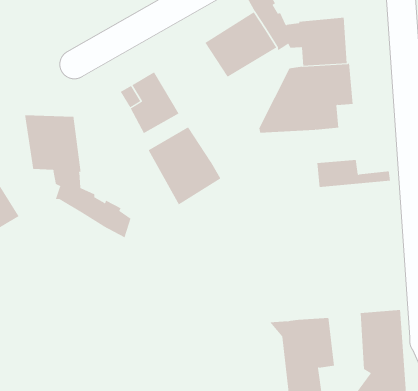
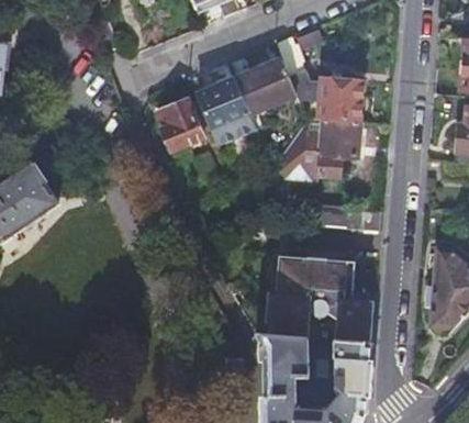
building: [24,114,131,238] -> none
building: [148,127,221,205] -> [197,81,257,148]
building: none -> [268,255,376,338]

